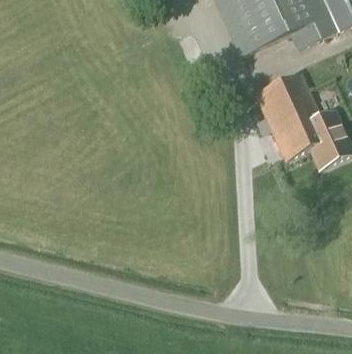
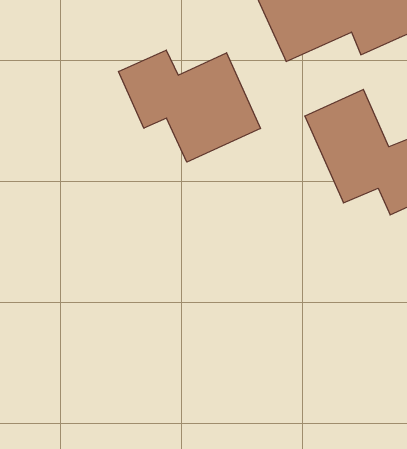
building: none -> [119,50,260,162]

